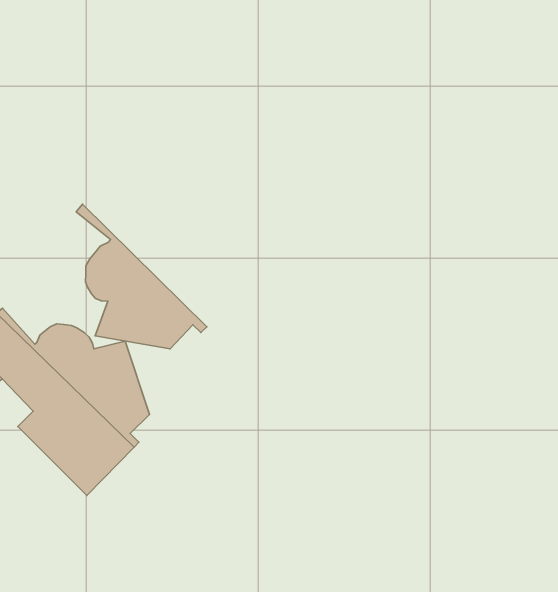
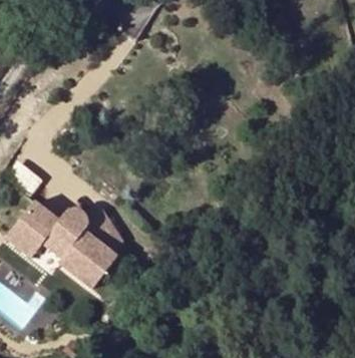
building: [76,204,207,349] -> none

